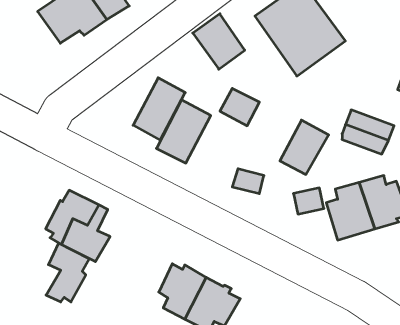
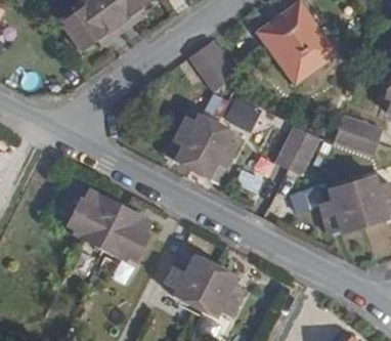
building: [133,78,185,140] -> [193,121,241,177]
building: [46,243,89,302] -> [112,206,150,259]

